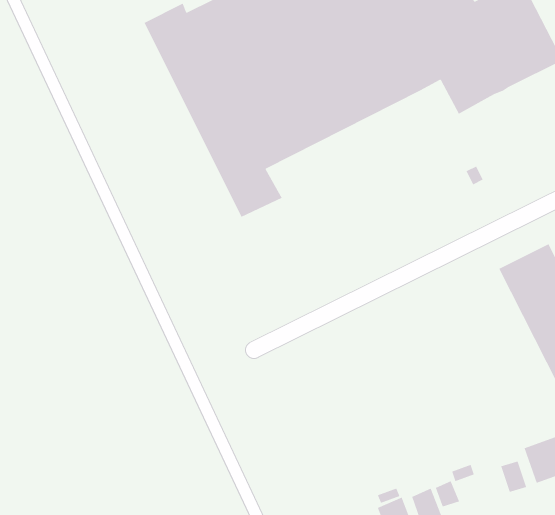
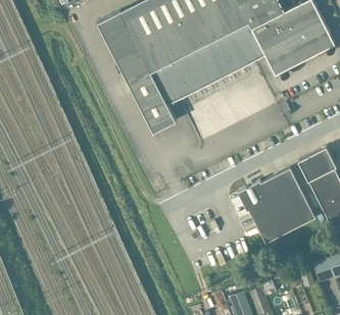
building: none -> [238,168,315,243]

